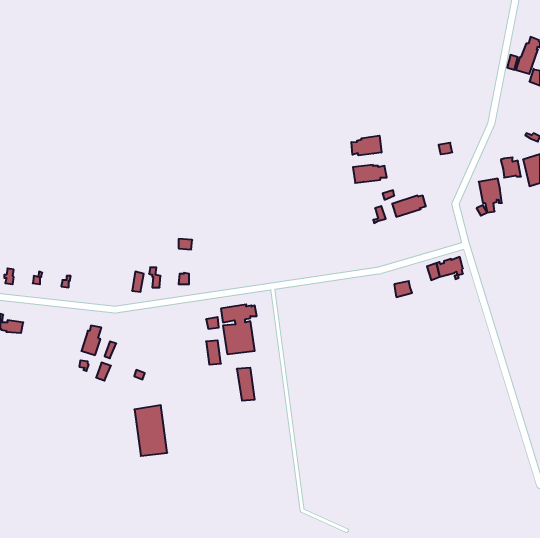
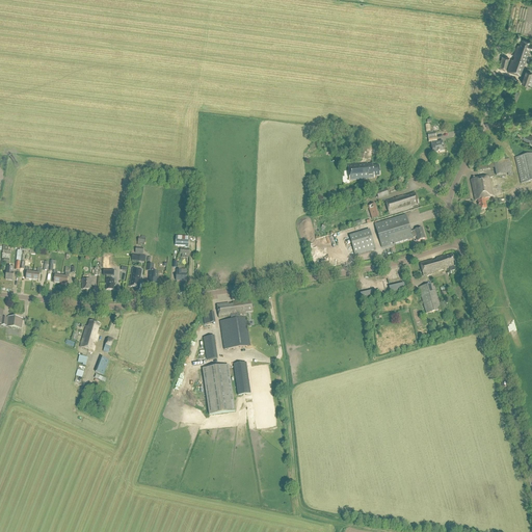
building: [351,136,381,155] -> none
building: none -> [374,214,425,246]
building: none -> [349,229,375,254]
building: none -> [419,283,441,312]
building: [134,405,167,456] -> [203,364,235,414]

